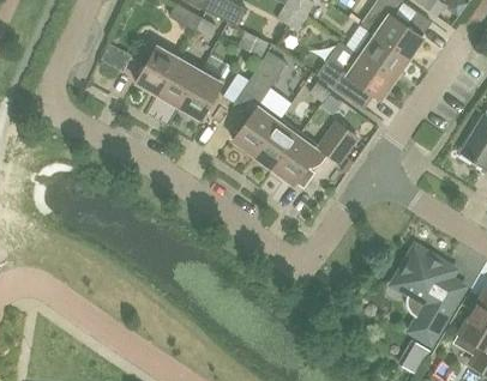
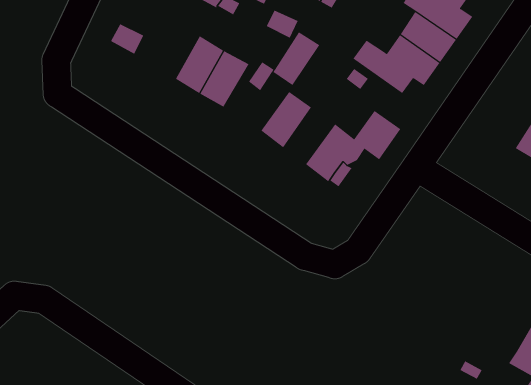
building: [137,43,180,93] -> none
building: [254,119,300,169] -> none
building: [391,246,465,345] -> none

